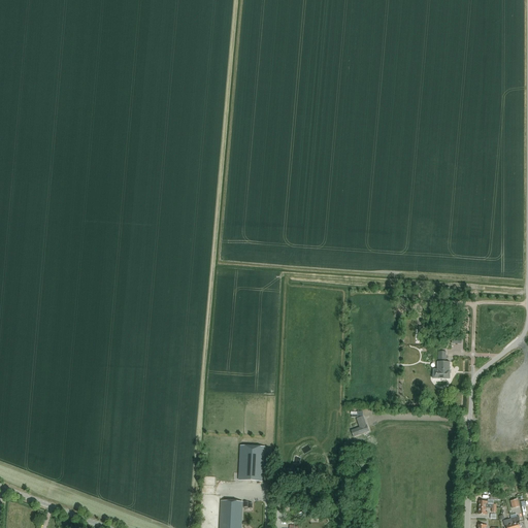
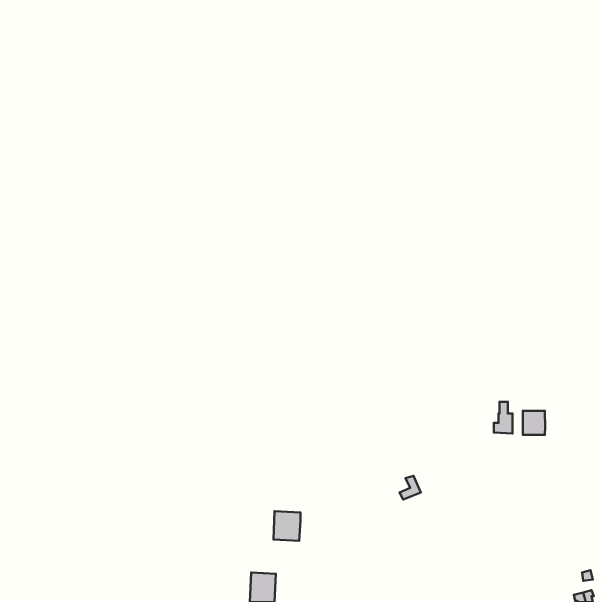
building: none -> [523,411,545,435]

